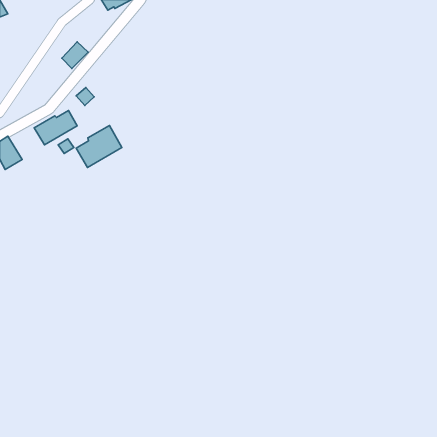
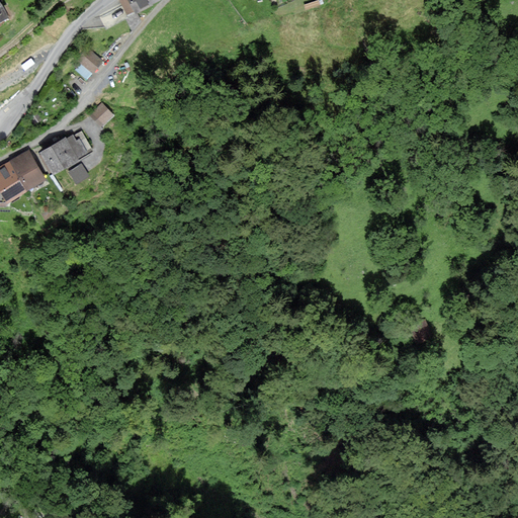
building: [76,125,122,168] -> none
building: none -> [9,151,44,188]

